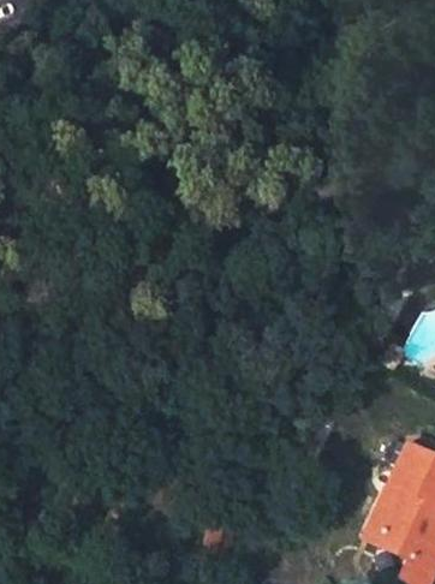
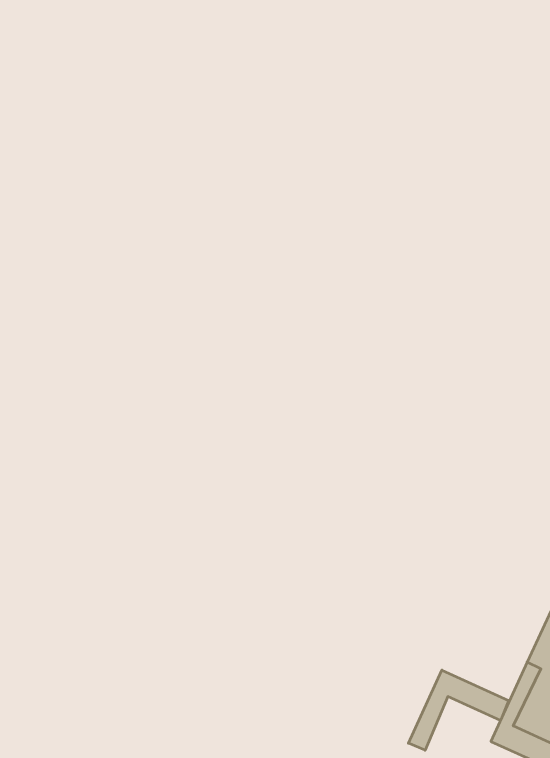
building: none -> [408,670,508,750]

